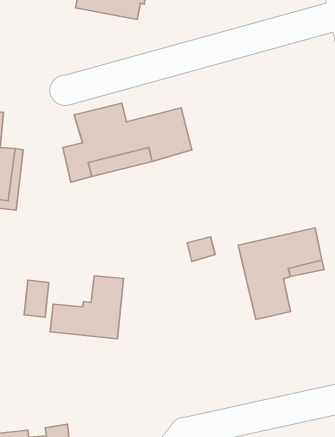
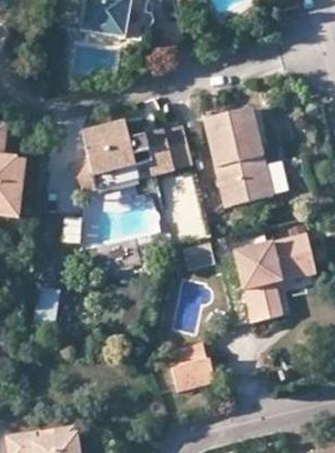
building: none -> [206,110,276,209]
building: [50,276,123,339] -> none
building: none -> [168,340,216,391]

